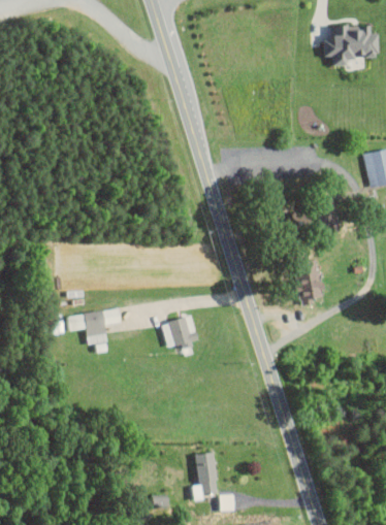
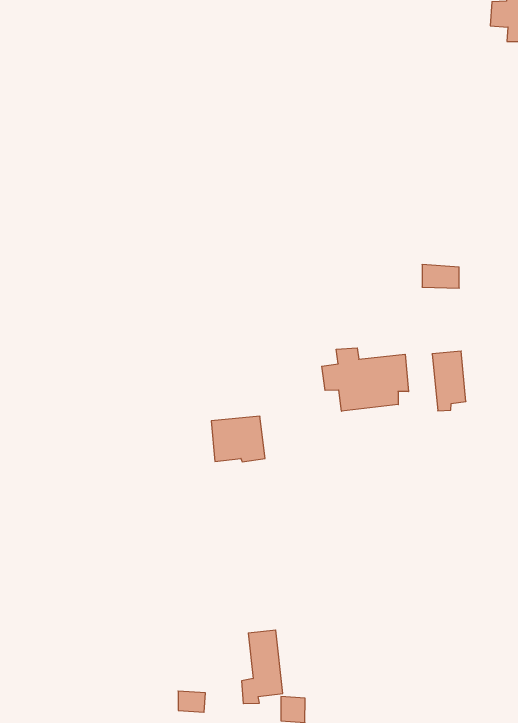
building: none -> [322,348,409,411]
building: [64,309,120,343] -> none

